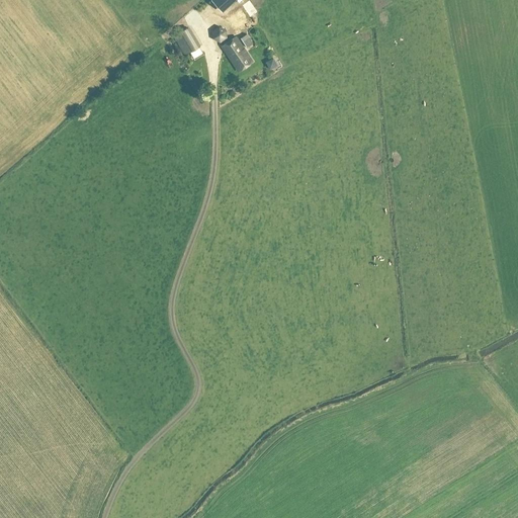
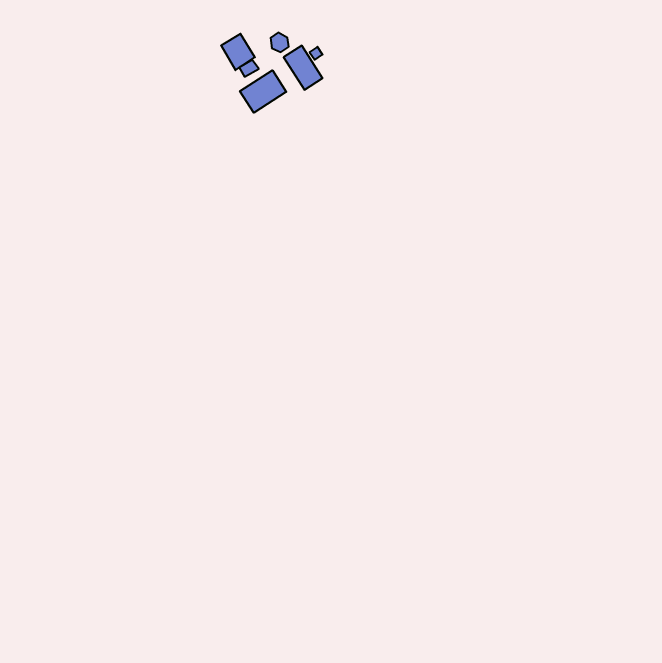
building: none -> [240,70,286,113]

